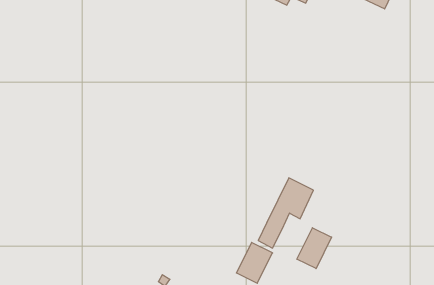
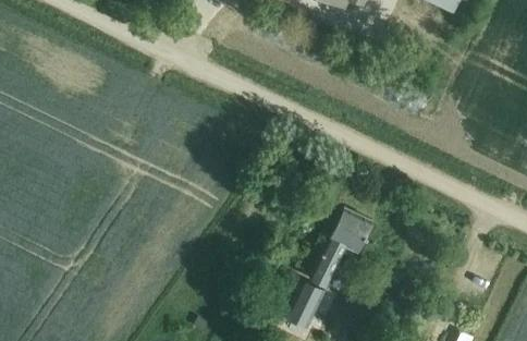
building: [297,228,332,269] -> none

